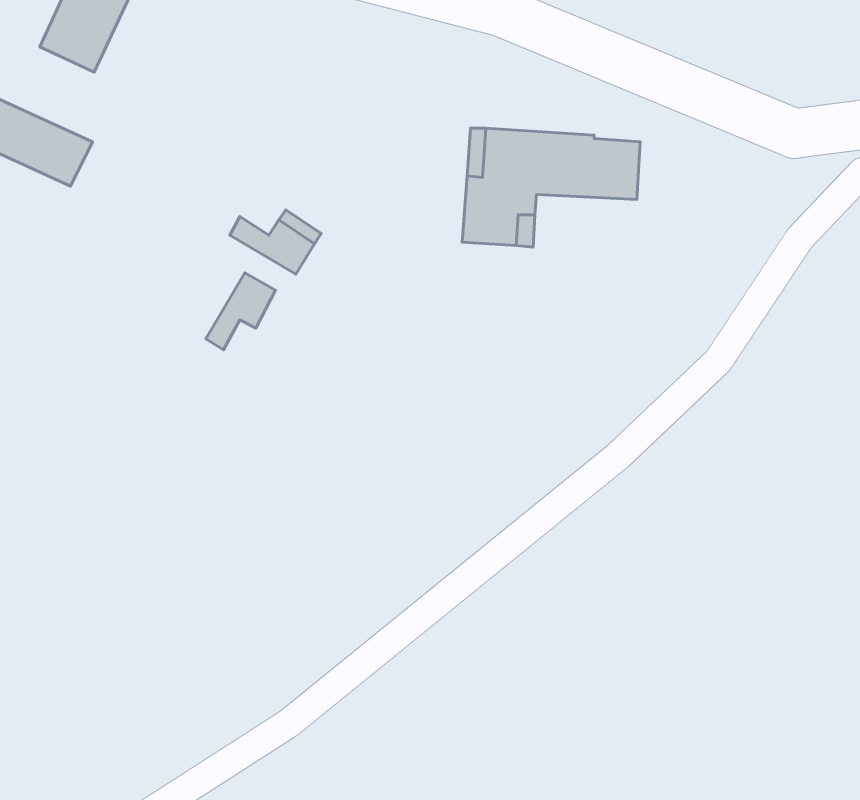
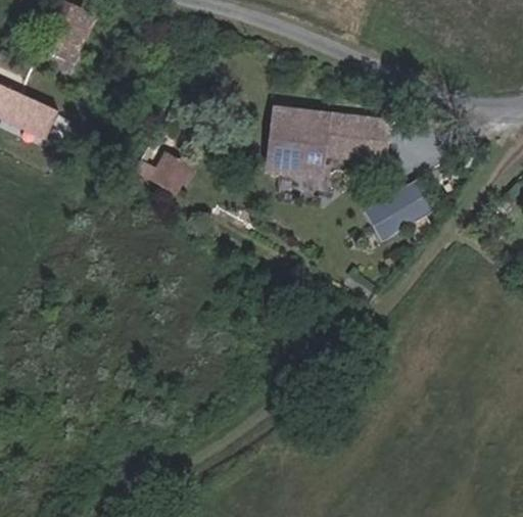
building: none -> [362,184,428,240]
building: [206,273,275,350] -> none

